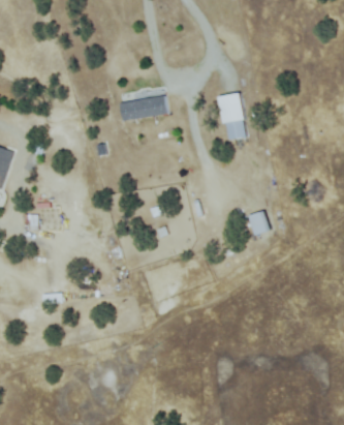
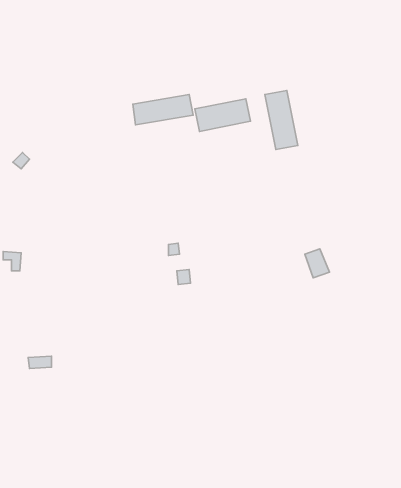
building: none -> [195,99,251,131]

